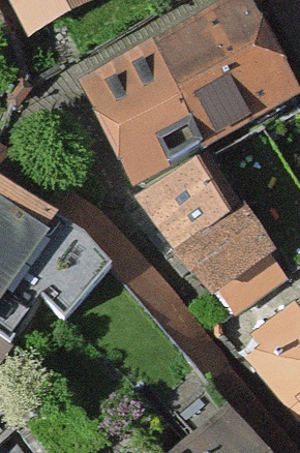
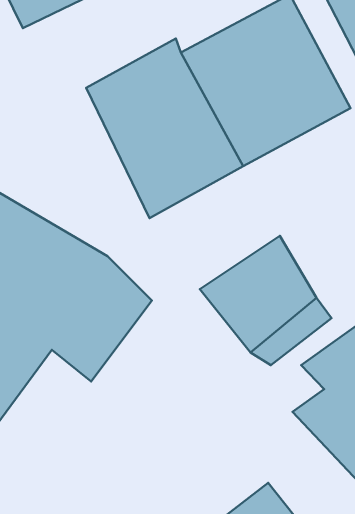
building: [137,154,234,245] -> none

